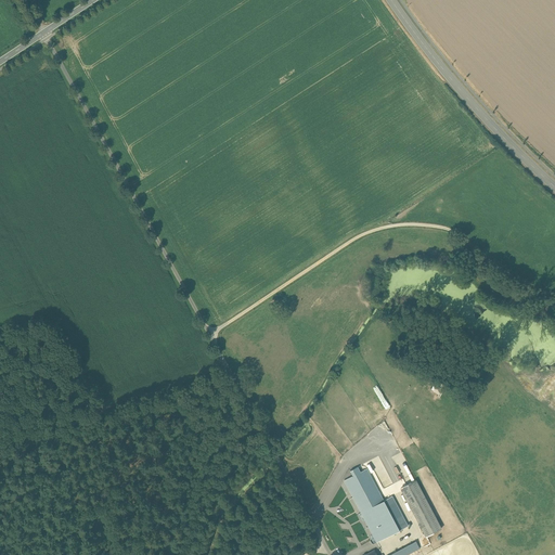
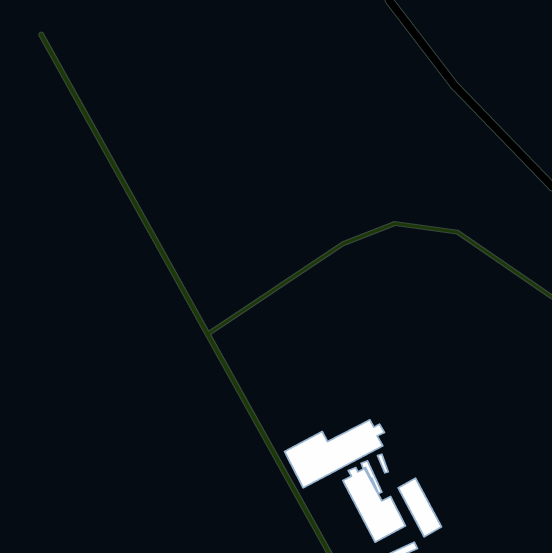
building: none -> [285,420,385,488]

